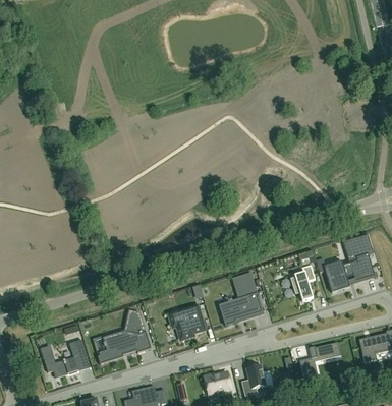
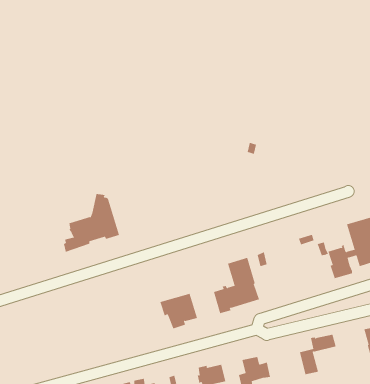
building: [291,264,315,300] -> none
building: [98,308,151,363] -> [63,194,120,253]
building: [40,338,88,375] -> none

